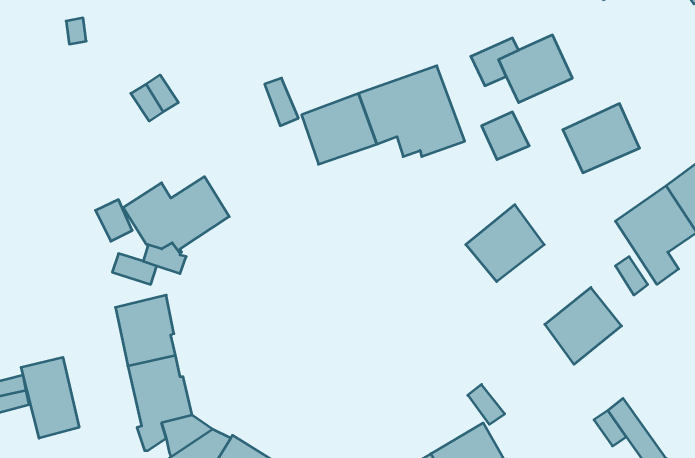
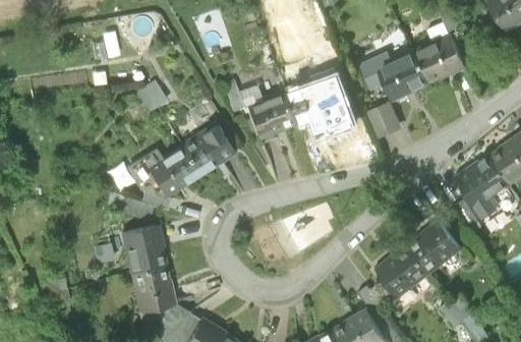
building: [563,104,640,173] -> [414,36,465,81]
building: none -> [184,125,233,173]
building: [466,205,544,282] -> [377,244,428,295]
building: [21,357,79,438] -> none

